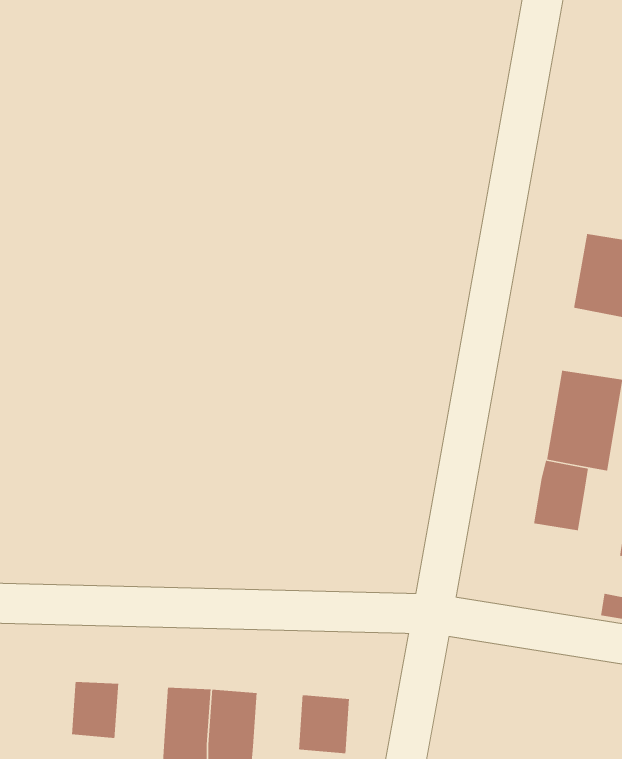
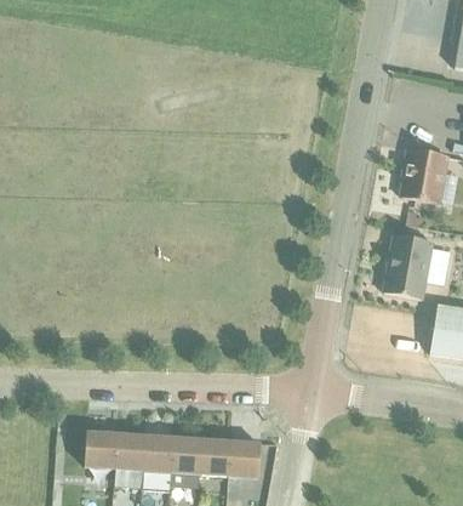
building: [533,460,589,531] -> none
building: none -> [113,432,145,468]
building: none -> [200,438,230,474]

